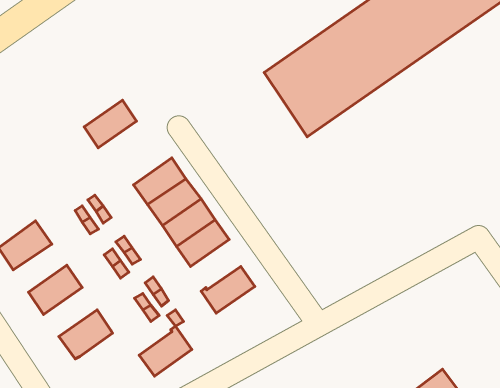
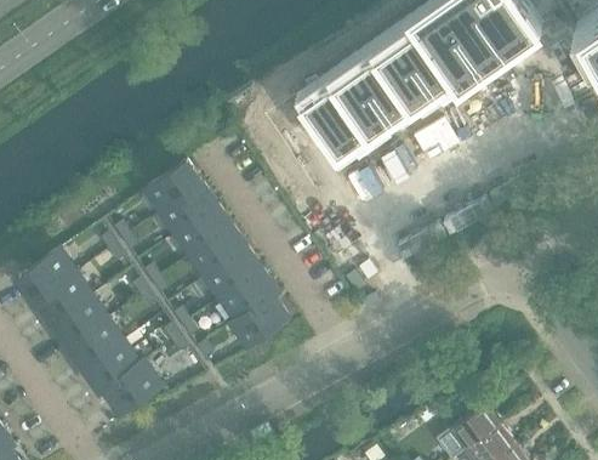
building: [84,100,137,148] -> [149,166,204,216]
building: none -> [223,273,279,325]
building: none -> [39,278,95,328]
building: none -> [70,323,126,374]
building: [139,326,192,376] -> [108,364,163,416]

